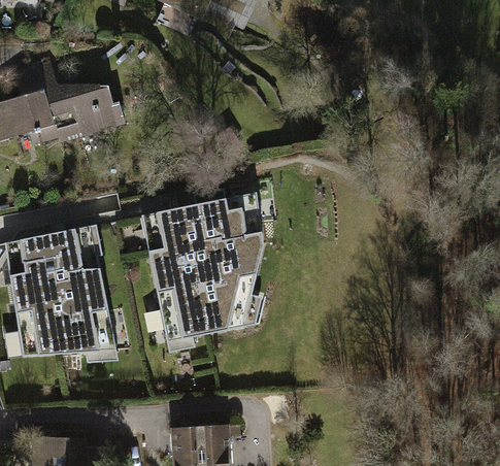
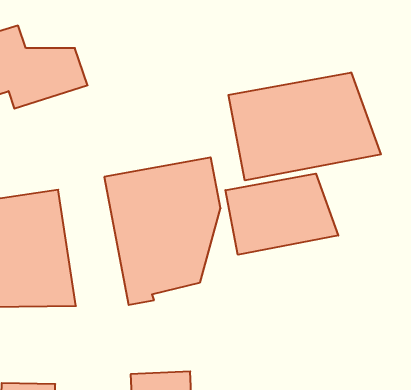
building: none -> [228,72,381,180]
building: none -> [225,174,338,255]

